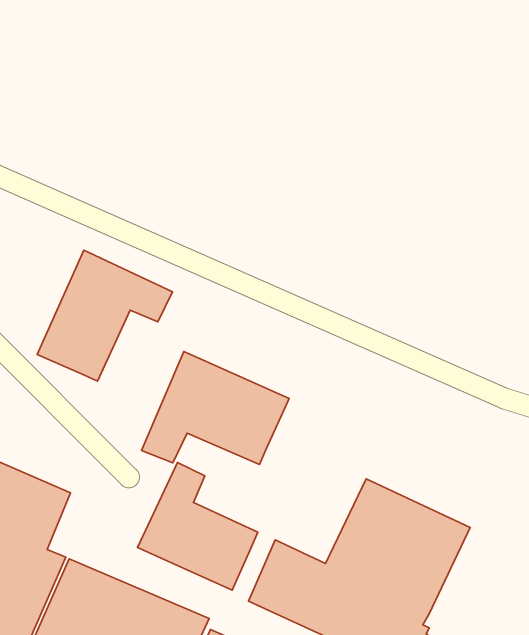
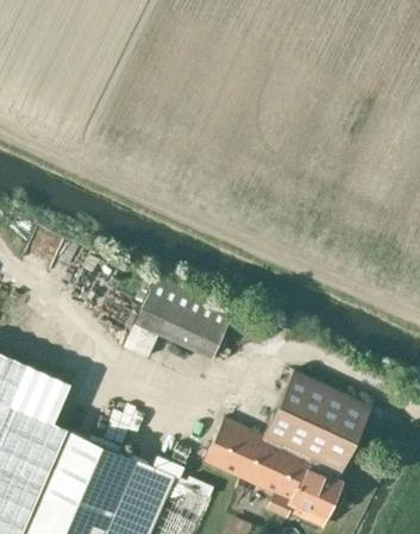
building: [37,250,173,381] -> none
building: [137,462,258,590] -> none

